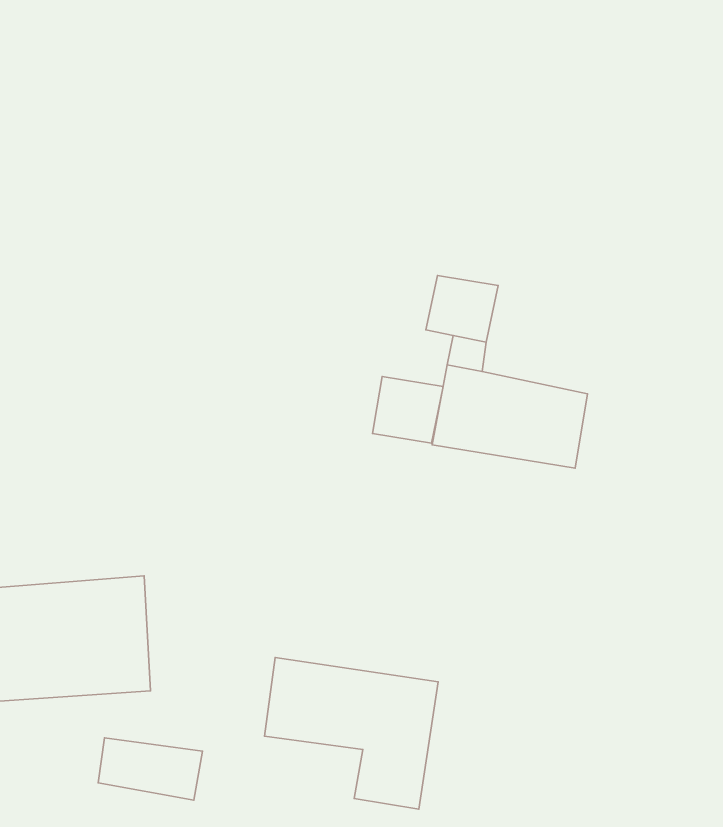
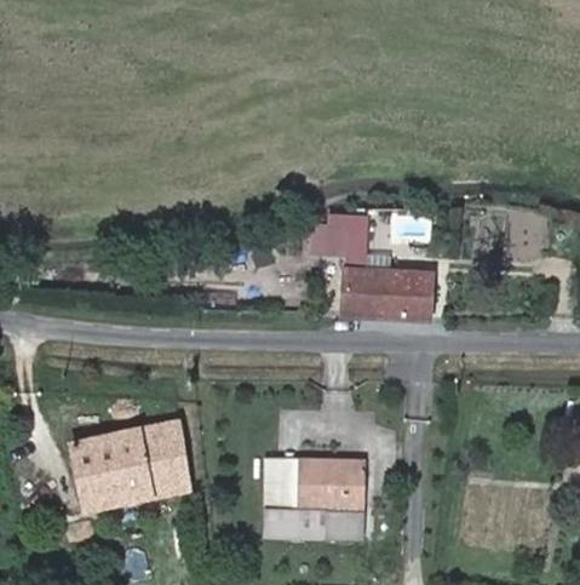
building: [373,377,443,443] -> none
building: [98,738,203,800] -> [264,507,325,538]

